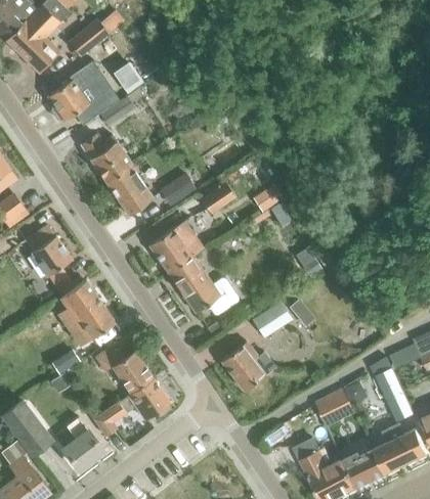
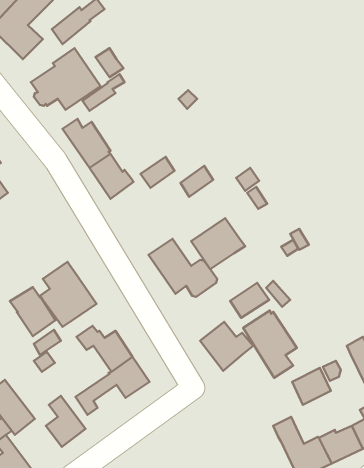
building: [148,221,204,273] -> [191,218,245,269]
building: [24,226,71,276] -> [10,287,56,336]
building: none -> [243,310,297,378]

